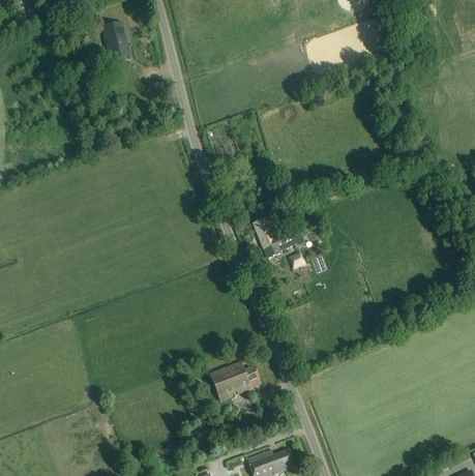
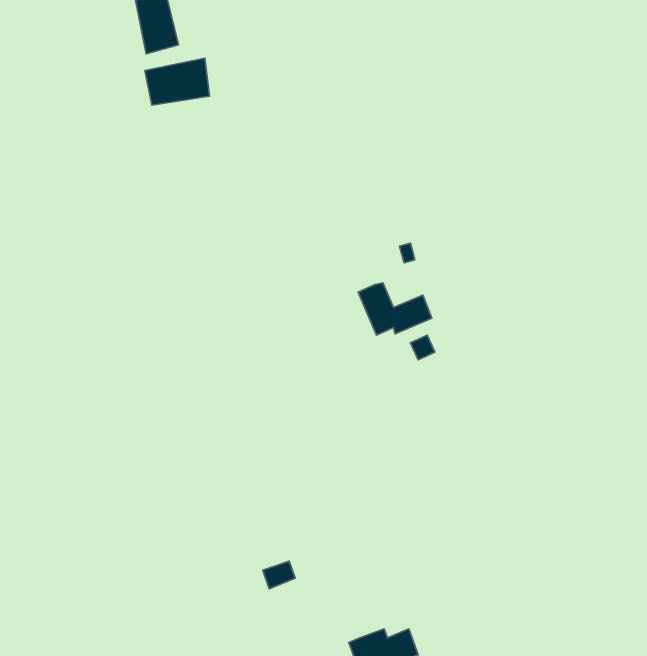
building: none -> [145,58,209,105]
building: [209,361,262,400] -> none

